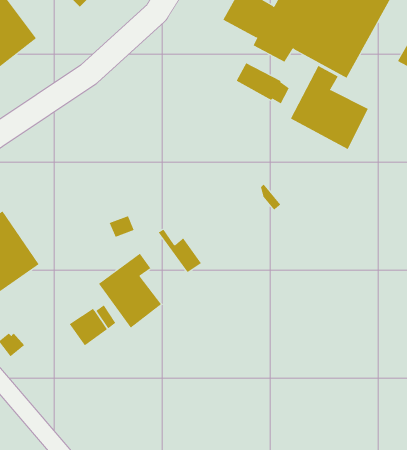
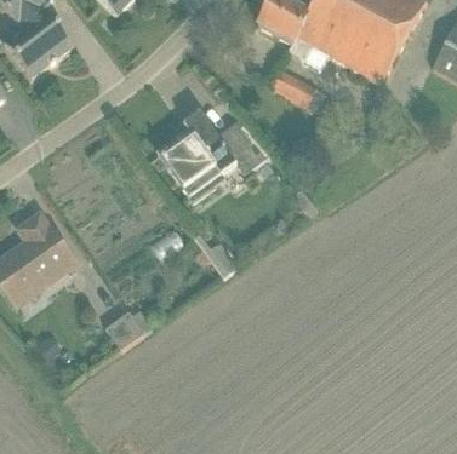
building: [290,65,368,150] -> none
building: none -> [158,111,269,196]
building: [98,253,162,329] -> none

